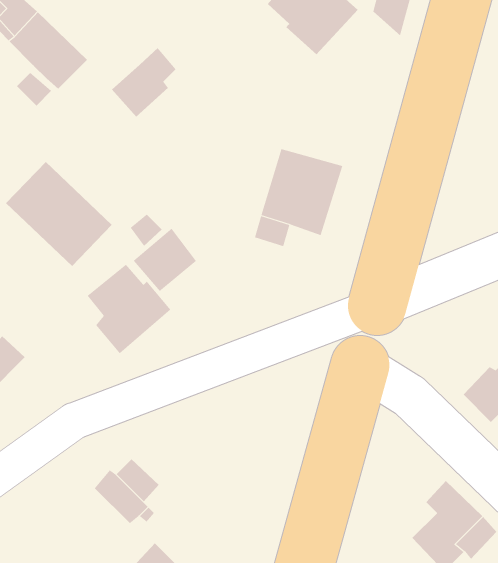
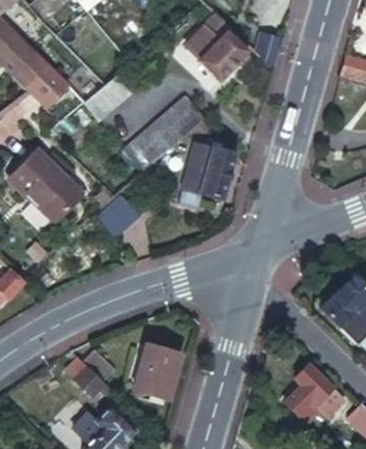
building: none -> [123,99,206,174]
building: [87,264,171,354] -> none
building: none -> [133,341,181,397]

